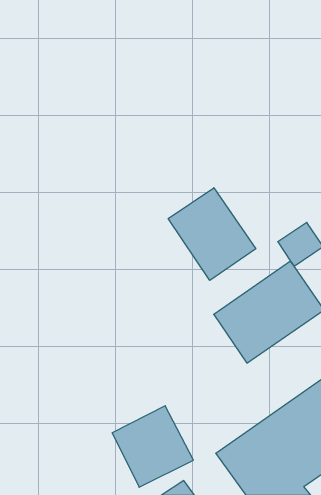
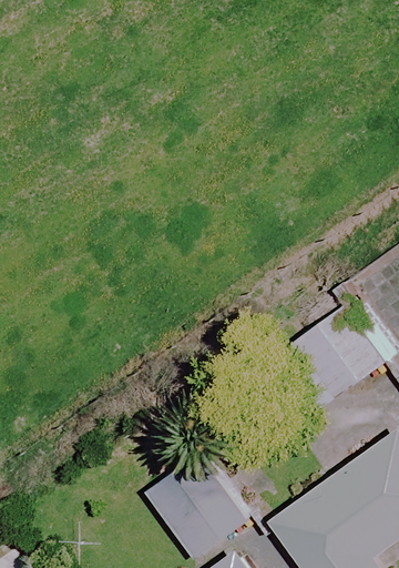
building: [168,188,256,280] -> none

